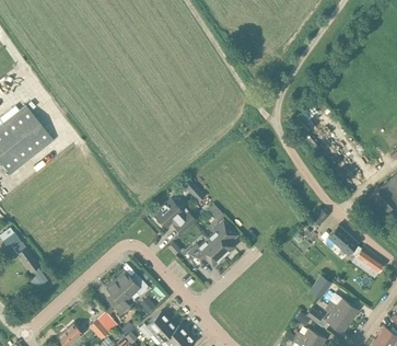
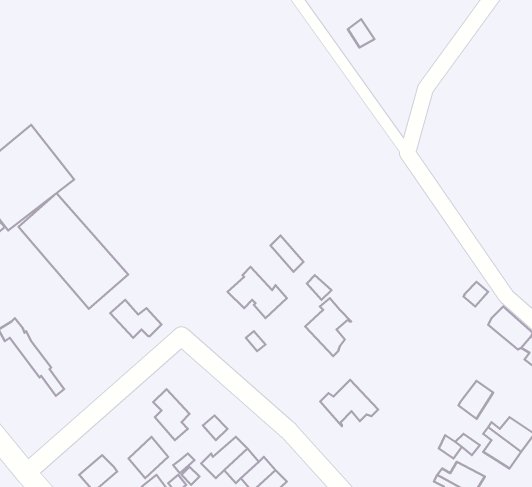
building: none -> [19,193,128,309]
building: [188,238,226,268] -> [320,380,378,426]
building: [116,270,150,296] -> [110,300,161,338]

